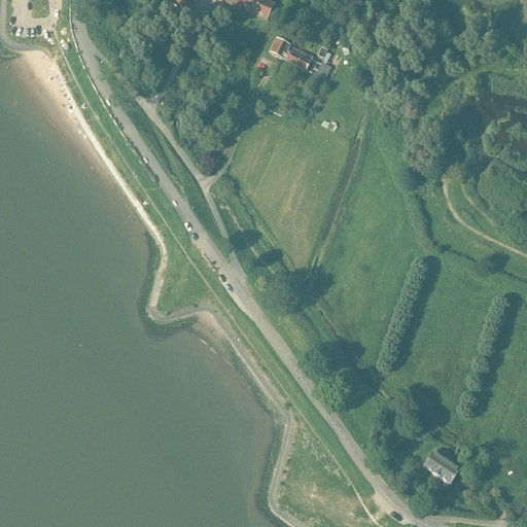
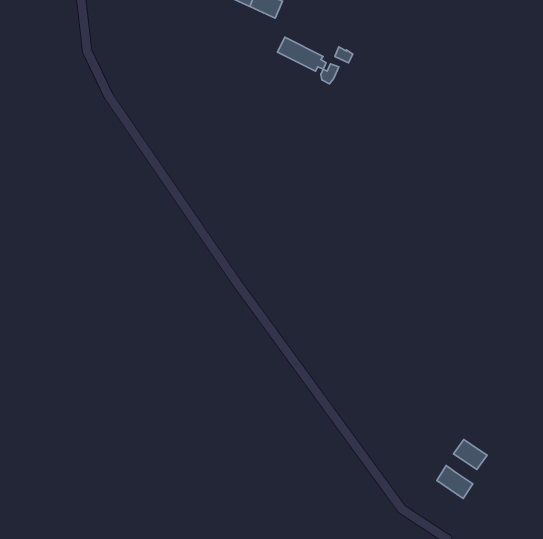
building: none -> [454,439,487,469]

